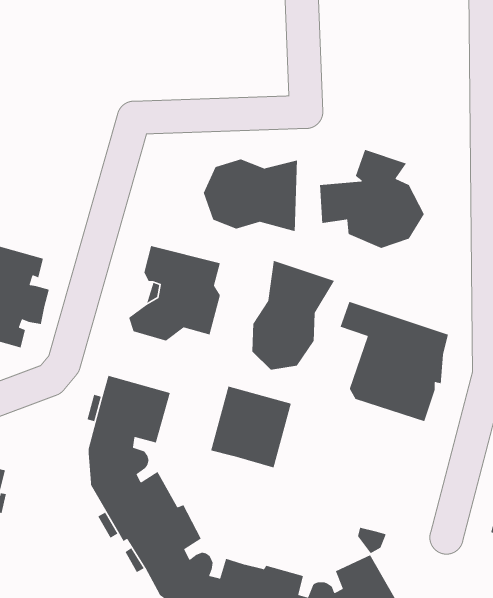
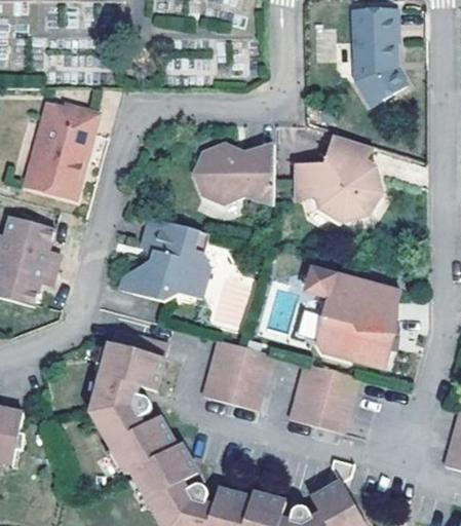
building: none -> [353,10,408,105]
building: none -> [25,103,99,195]
building: [251,260,335,370] -> none
building: none -> [287,362,357,436]

